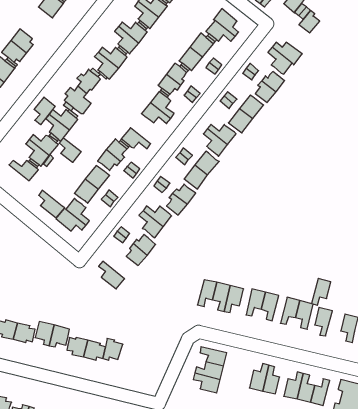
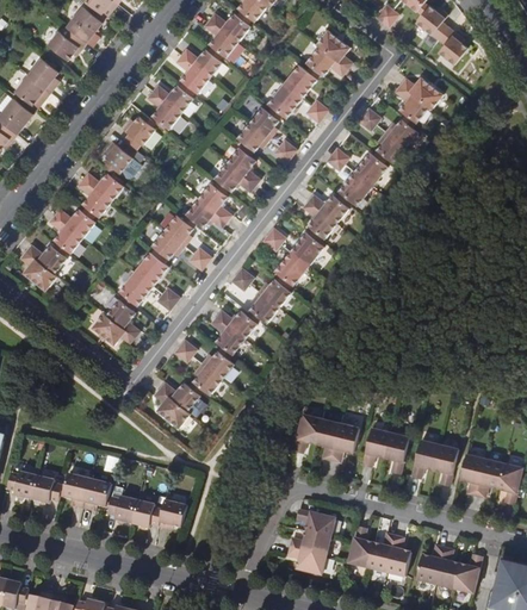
building: none -> [48,26,87,60]
building: [34,97,55,125] -> none
building: none -> [198,182,231,220]
building: [59,138,81,162] -> none
building: [39,190,65,218] -> [20,250,57,290]
building: none -> [159,381,200,410]
building: [312,278,331,305] -> [476,458,503,496]
building: none -> [348,525,373,567]

